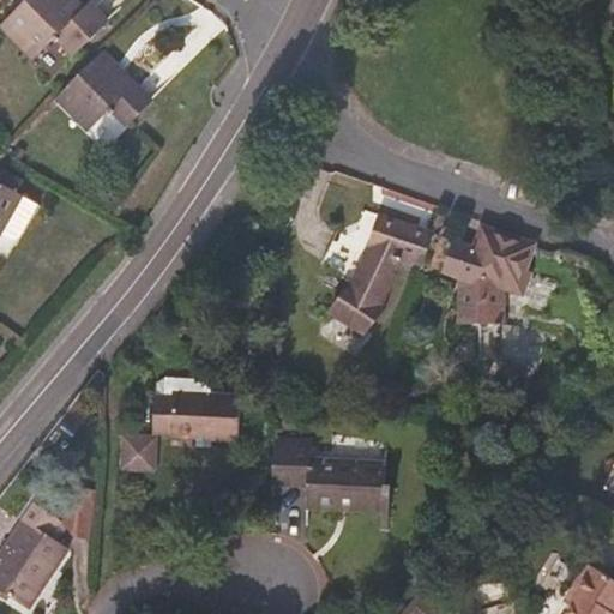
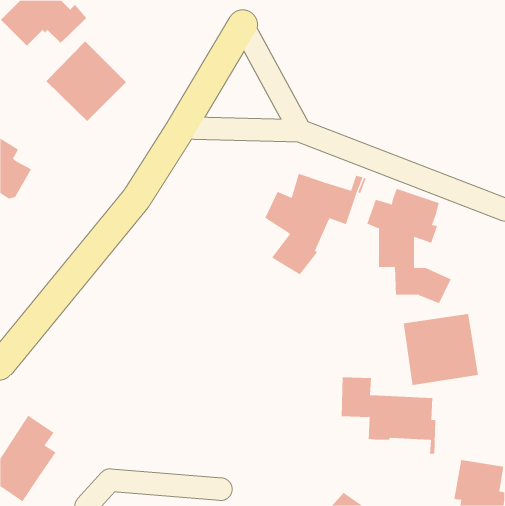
building: [120,378,239,471] -> none
building: none -> [403,313,478,386]
building: [273,438,389,531] -> [341,377,436,454]

